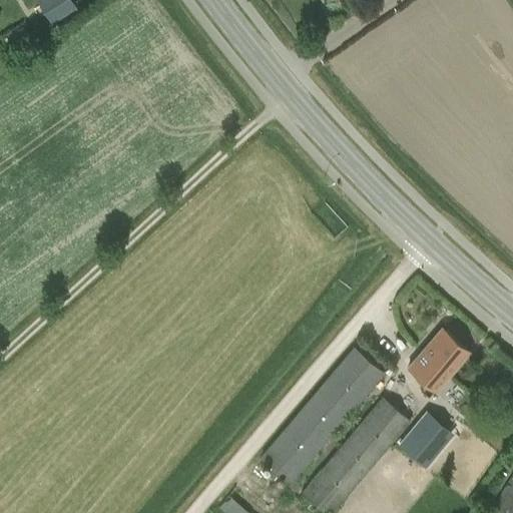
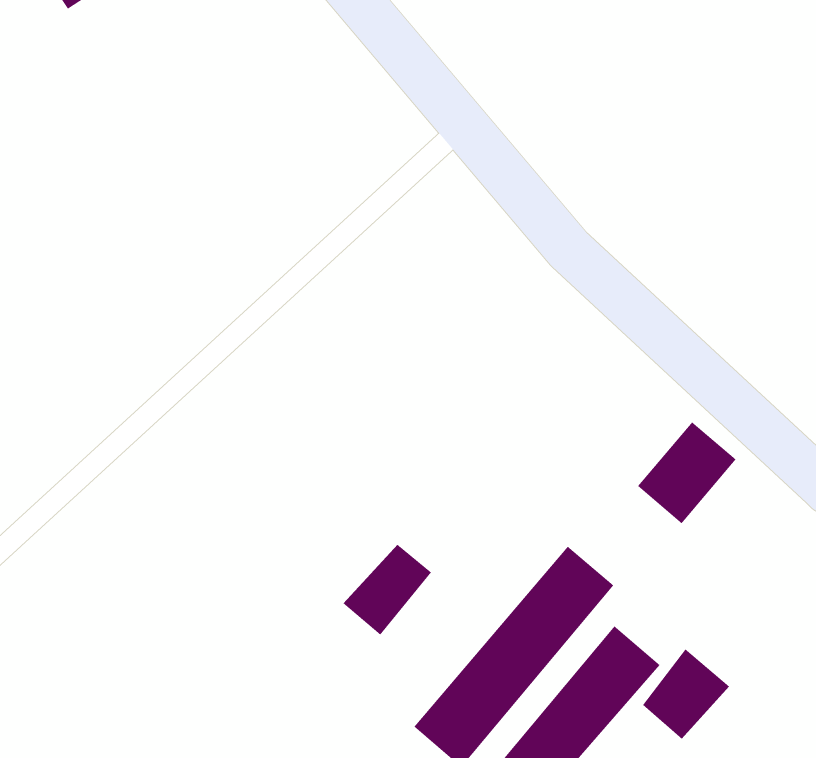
building: [409,330,469,392] -> [637,421,737,524]
building: none -> [342,544,432,635]

